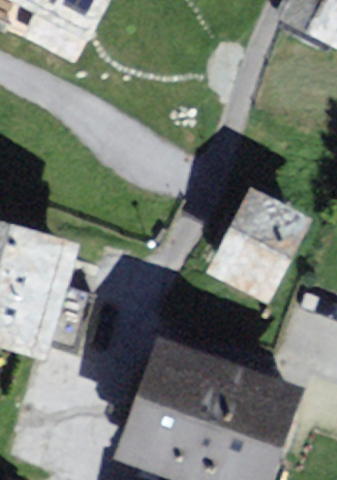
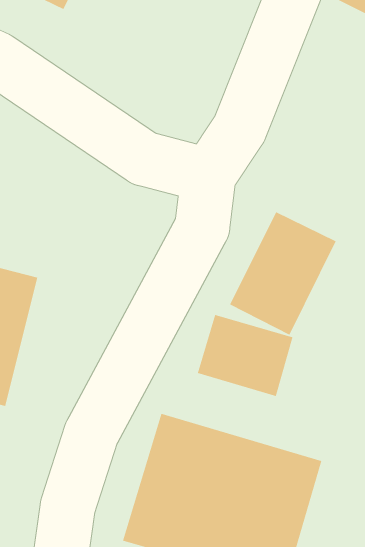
building: none -> [197,314,293,397]

